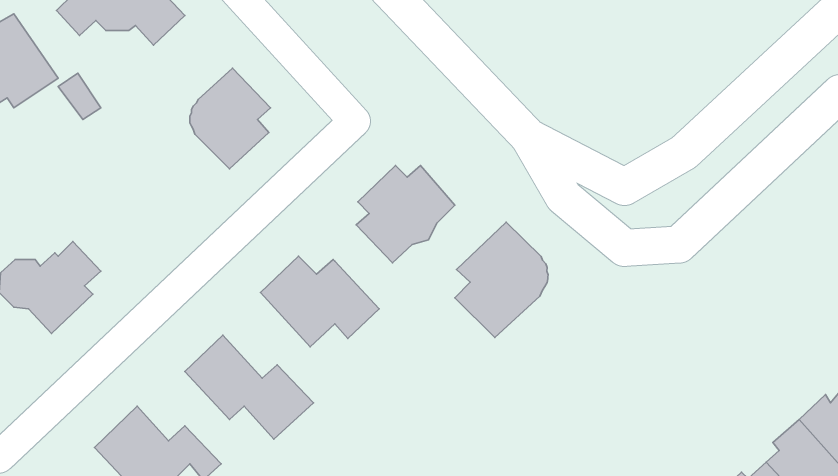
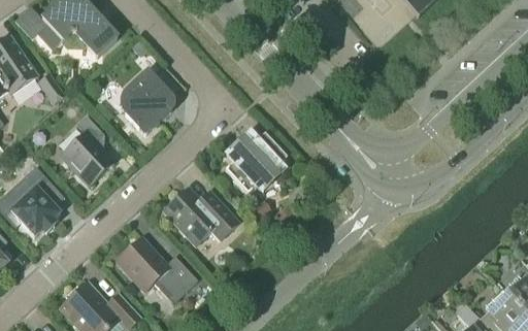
building: none -> [61,114,113,185]
building: [455,222,548,338] -> none

